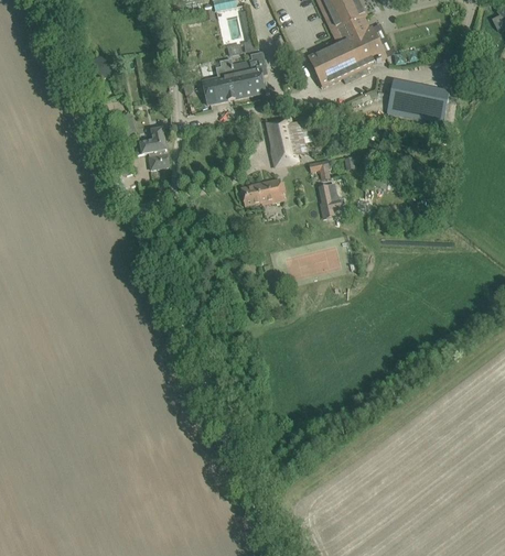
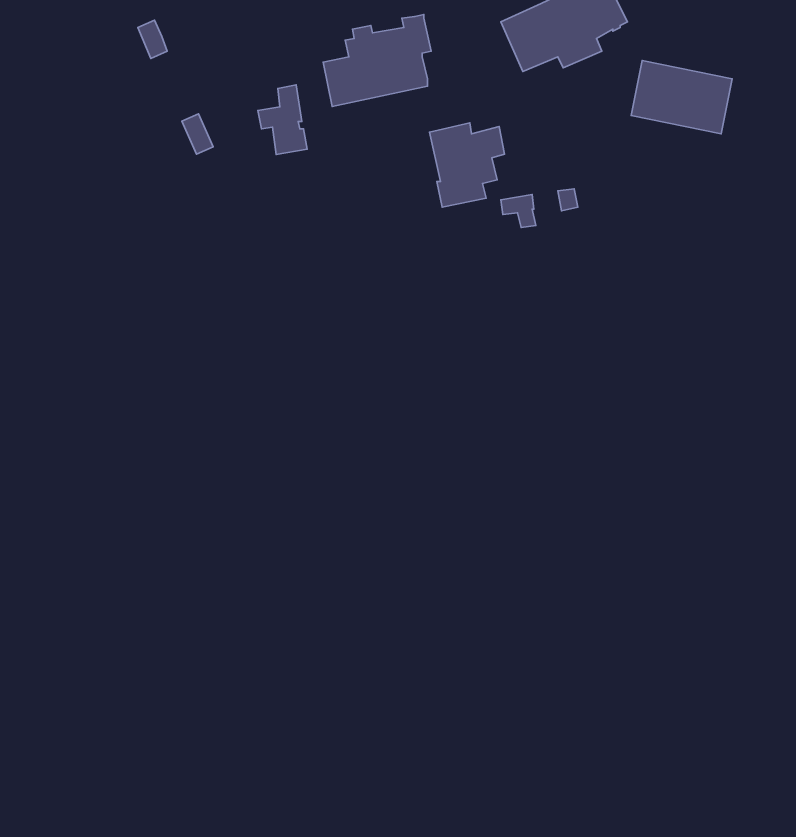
building: [139,126,169,167] -> [258,85,307,155]
building: [240,177,286,206] -> none
building: [318,182,342,217] -> none

